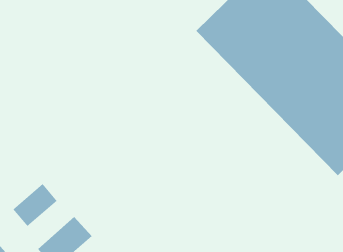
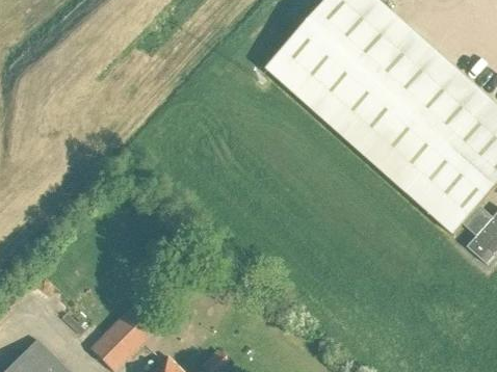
building: [12,183,58,227] -> none

